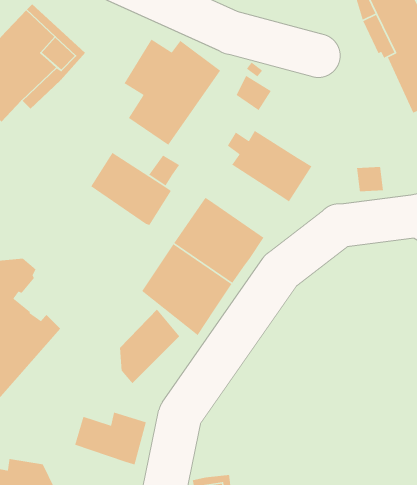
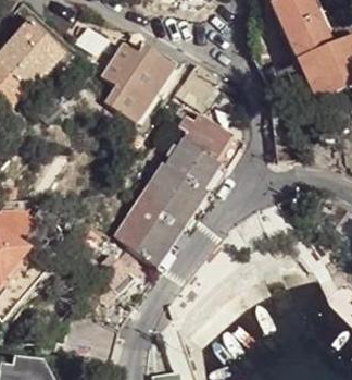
building: [90,152,172,226] -> [164,136,225,192]

